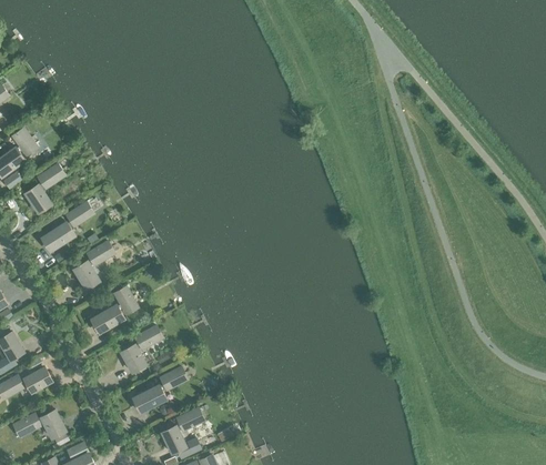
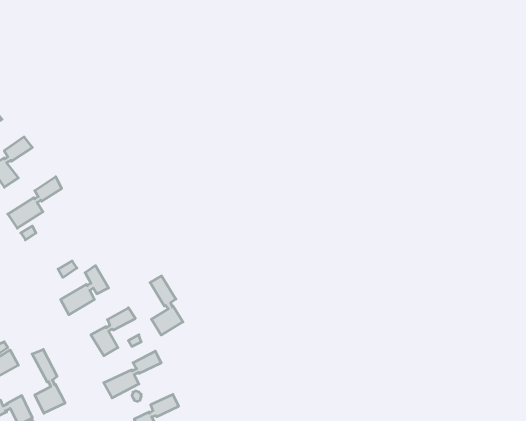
building: [73,242,113,289] -> none
building: none -> [150,276,183,335]
building: none -> [32,349,65,413]

